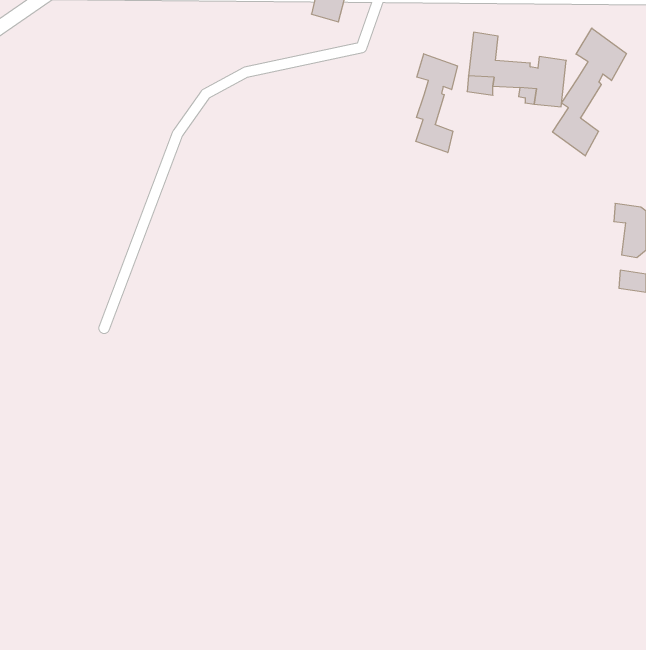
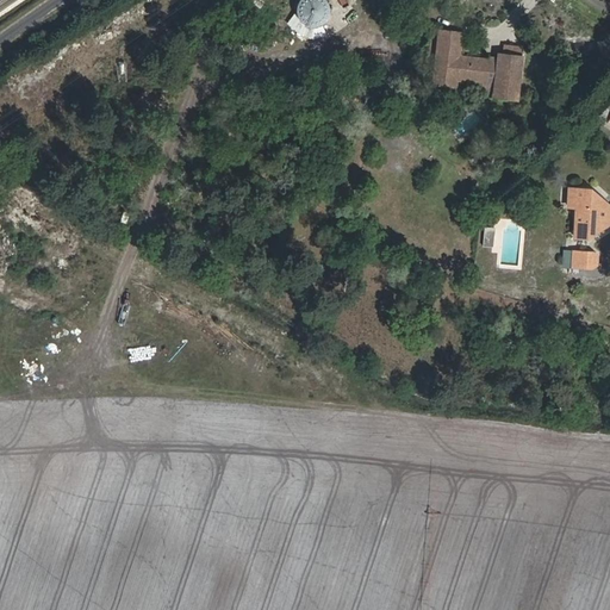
building: [553,28,626,156] -> none
building: [416,54,457,153] -> none

